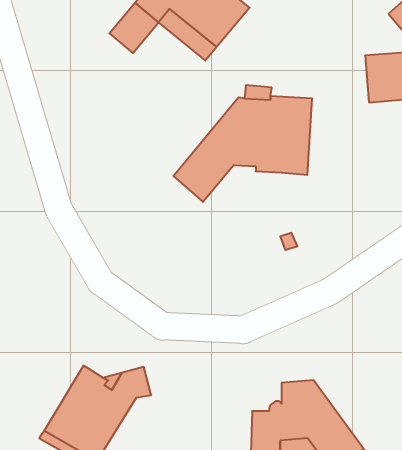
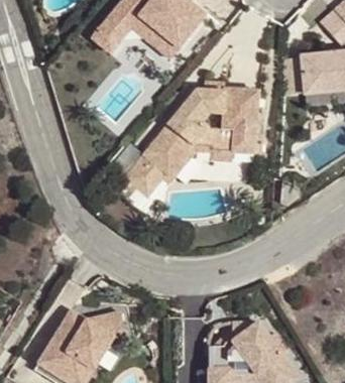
building: none -> [123,145,233,187]

